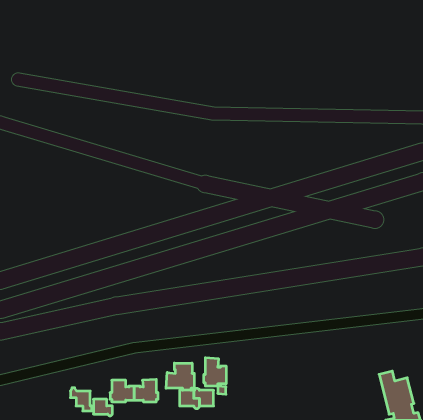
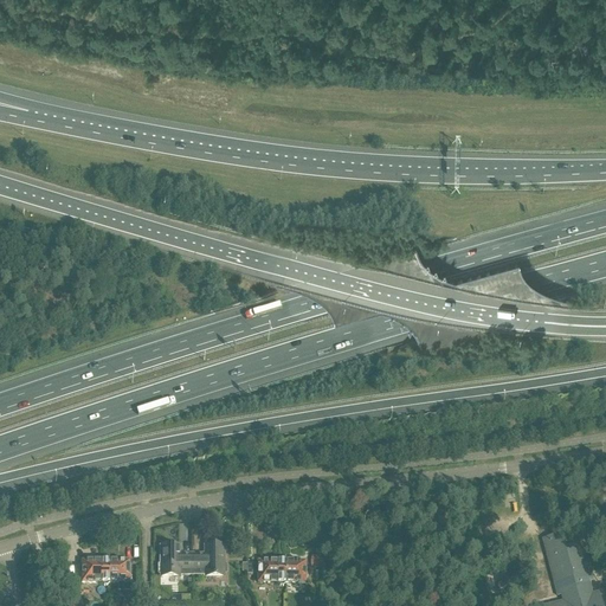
building: [204,358,226,386] -> none
building: [166,363,194,390] -> none
building: [93,399,112,416] -> [82,559,109,582]

